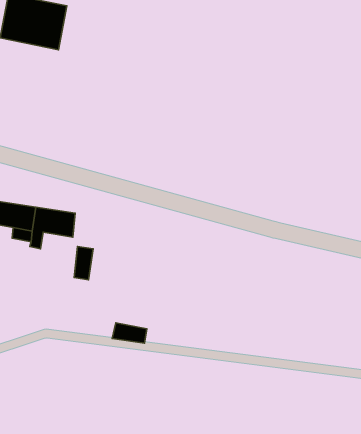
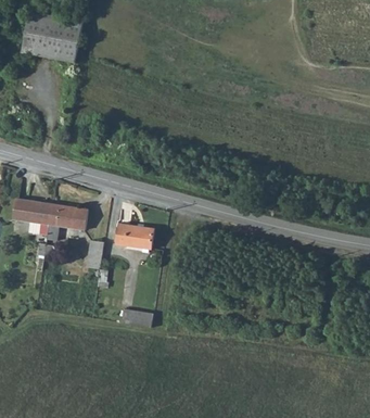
building: none -> [115,223,154,249]

